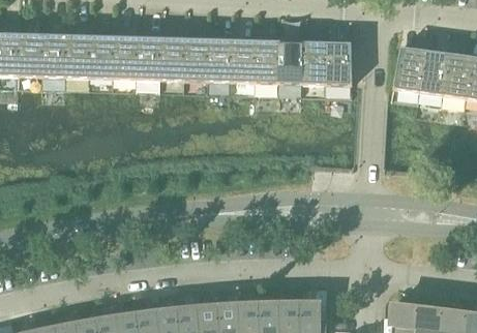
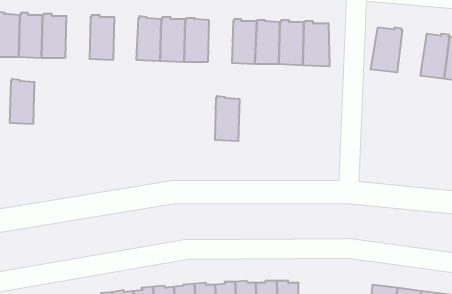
building: [89,34,114,79] -> [10,79,35,124]
building: [137,36,161,80] -> none
building: [231,38,256,83] -> [215,96,240,141]
building: [419,51,448,95] -> none

